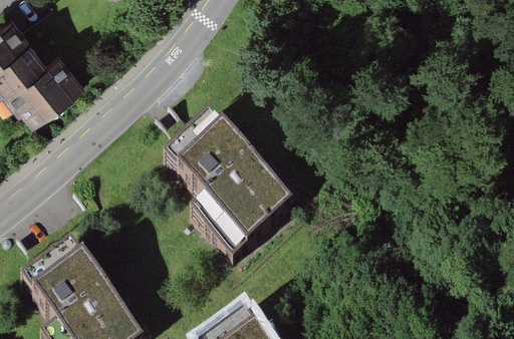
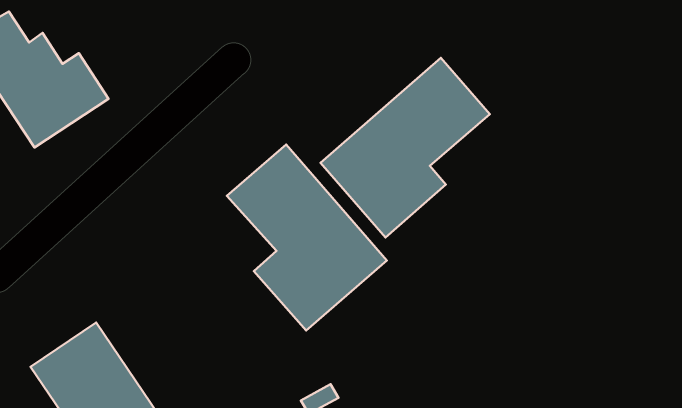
building: none -> [321,58,490,238]

